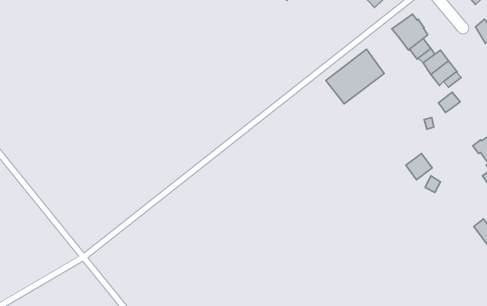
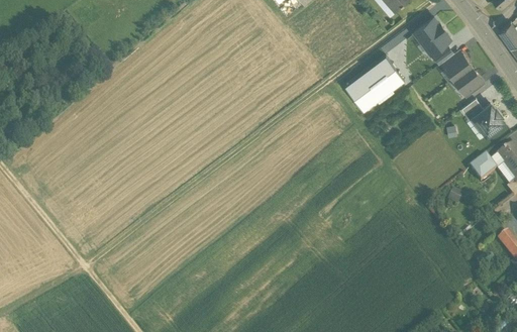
building: none -> [472,104,503,135]
building: [406,153,432,180] -> [469,153,496,181]

